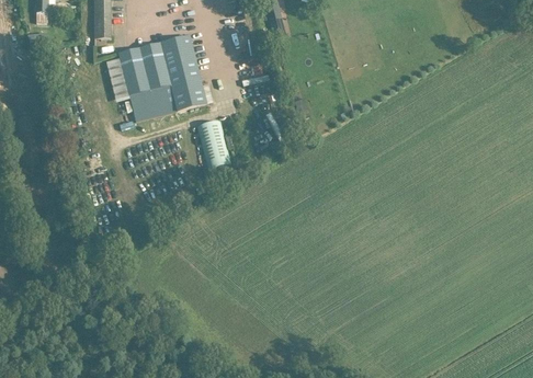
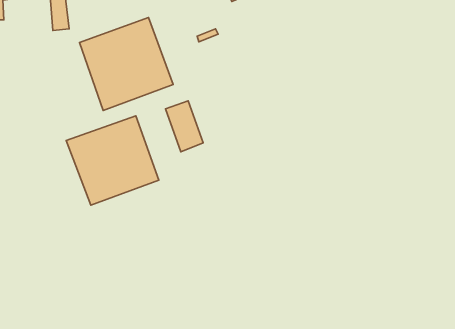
building: none -> [66,116,159,205]

